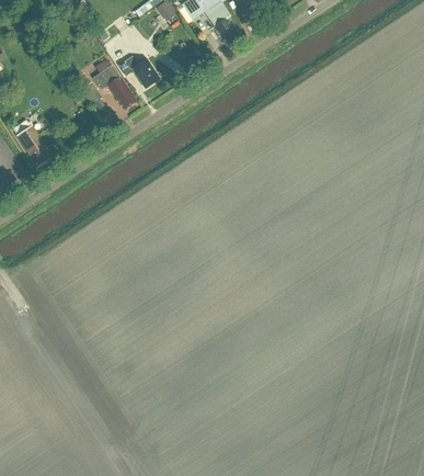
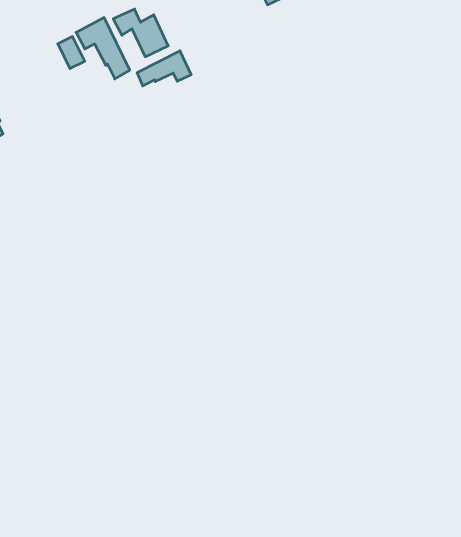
building: none -> [137,51,191,86]

